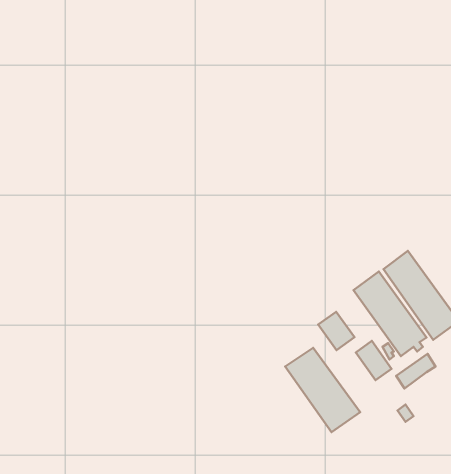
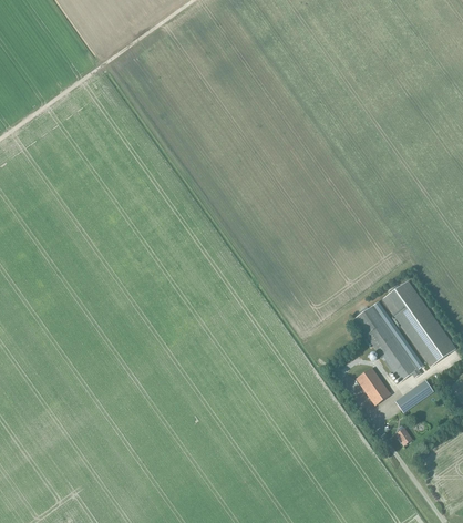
building: [318,312,355,350] -> none
building: [285,348,360,432] -> none

